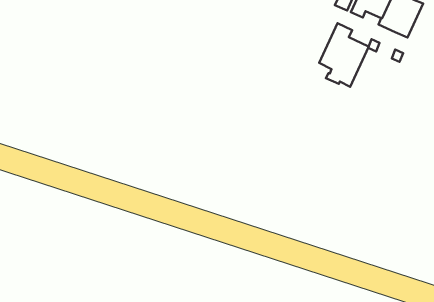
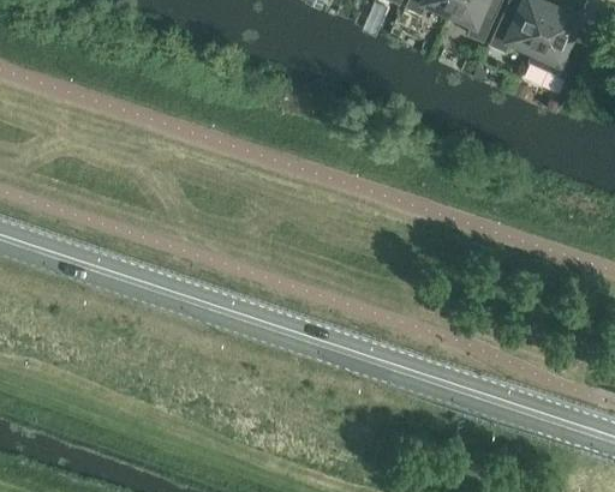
building: [319,23,368,87] -> none

